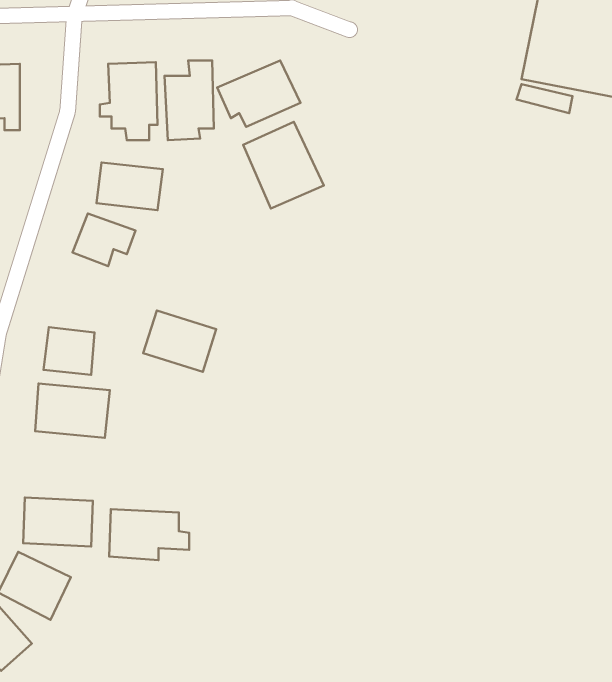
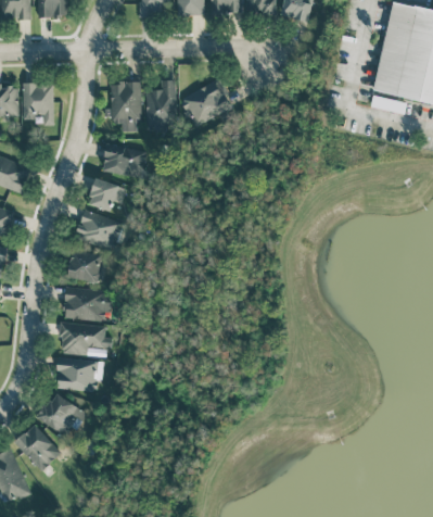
building: [243,122,324,208] -> none
building: [143,311,216,372] -> [75,211,122,250]
building: [109,509,189,560] -> [60,323,111,355]

